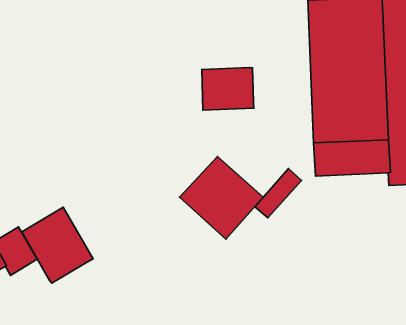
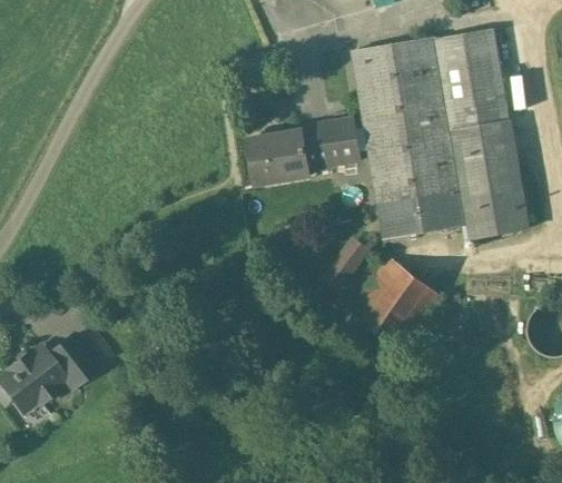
building: none -> [300,117,362,167]
building: [179,156,263,239] -> [354,259,444,347]
building: [22,207,93,283] -> none

